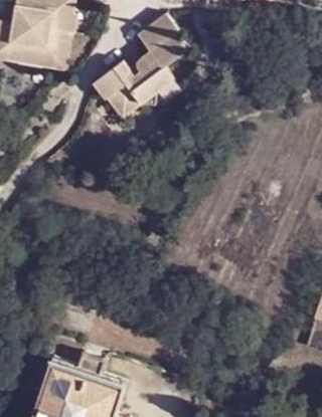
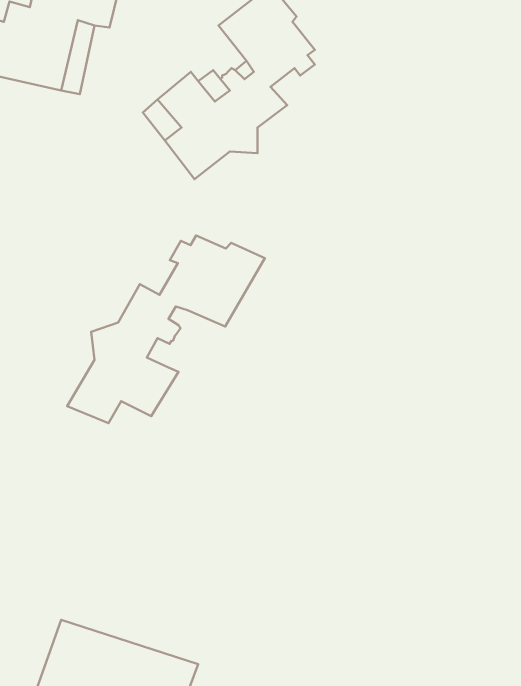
building: none -> [67,235,265,423]

